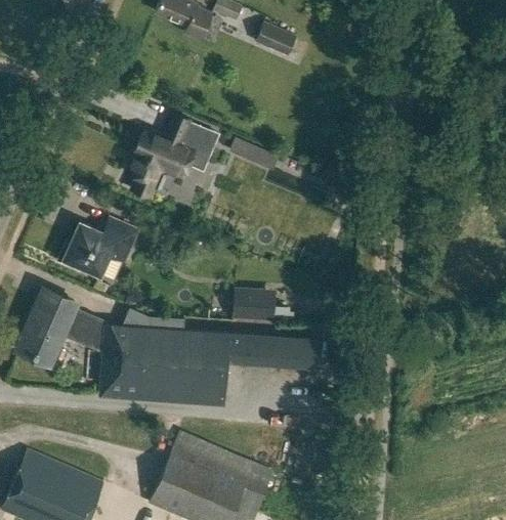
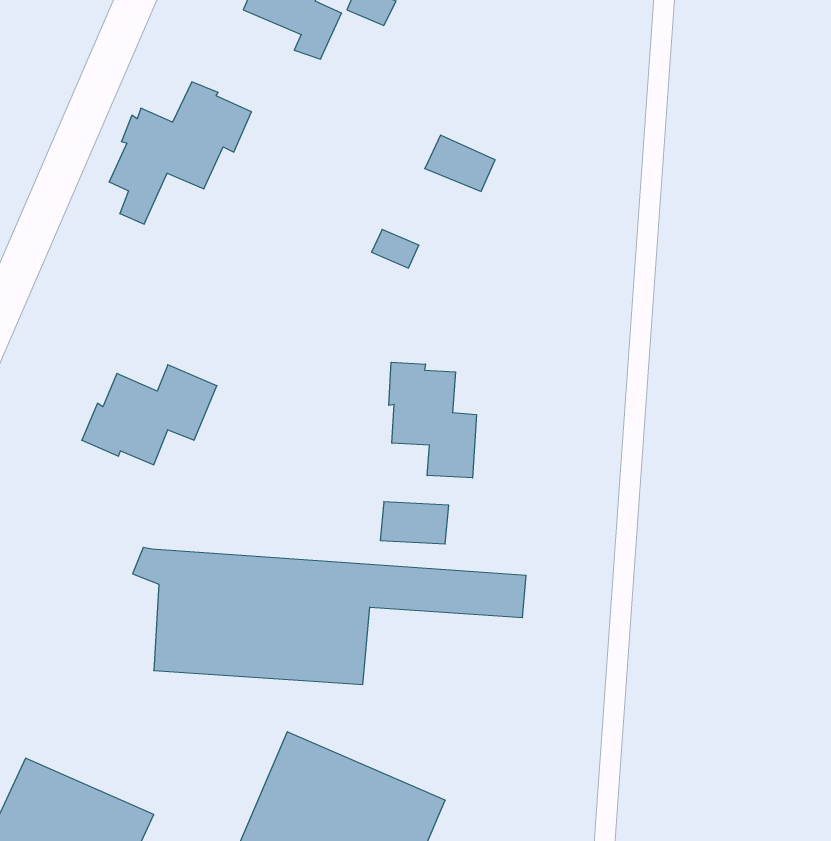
building: [257,23,298,55] -> [425,135,495,191]
building: [129,115,212,198] -> [109,82,251,224]
building: none -> [389,362,476,478]
building: [19,289,97,364] -> none

